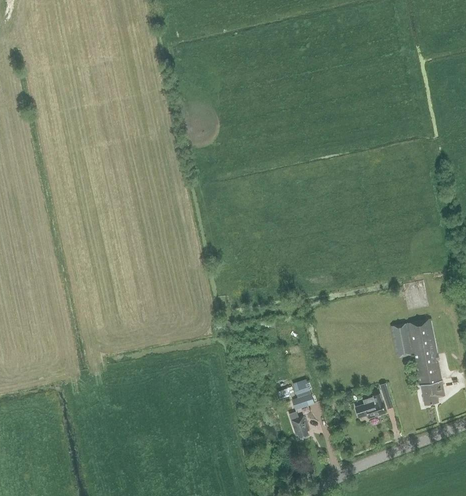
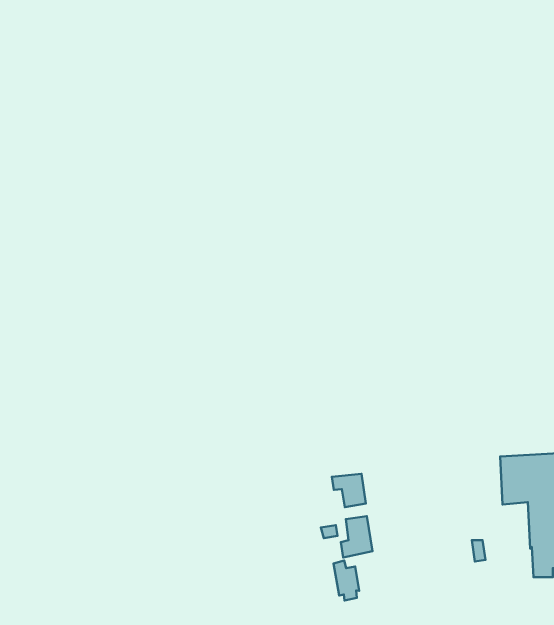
building: none -> [332,474,366,507]
building: [355,394,386,418] -> none

